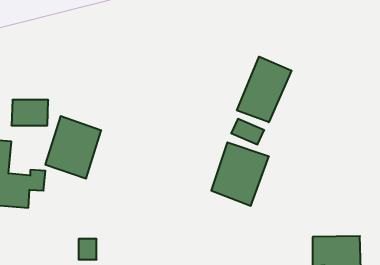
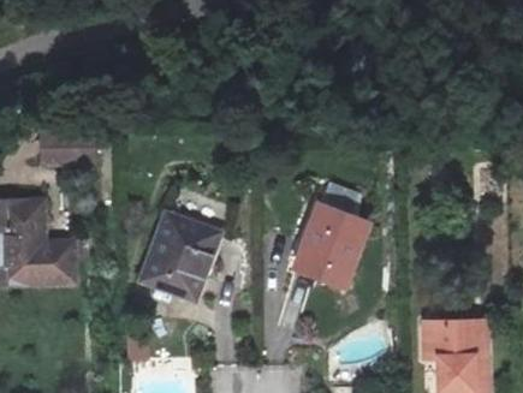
building: [237,57,291,122] -> none
building: [45,116,101,179] -> [144,221,215,300]

